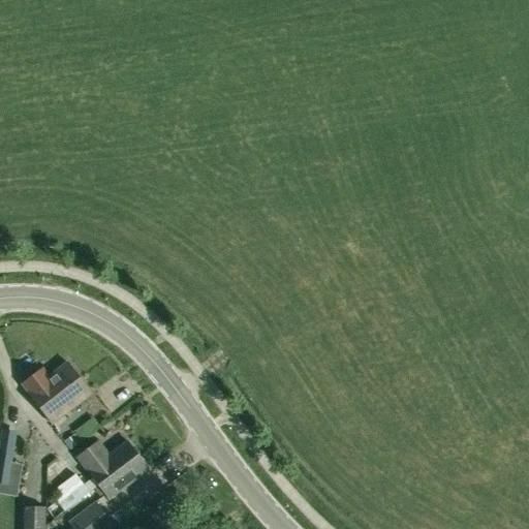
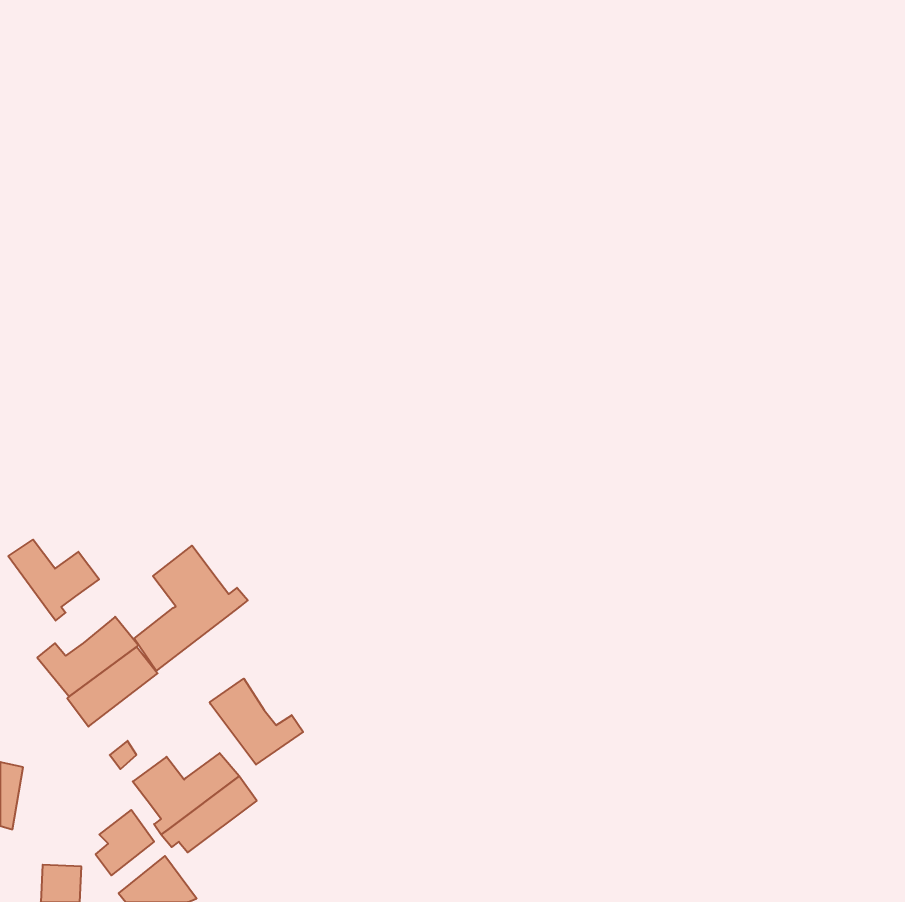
building: none -> [8,540,99,621]
building: none -> [134,546,248,671]
building: none -> [210,679,303,765]

